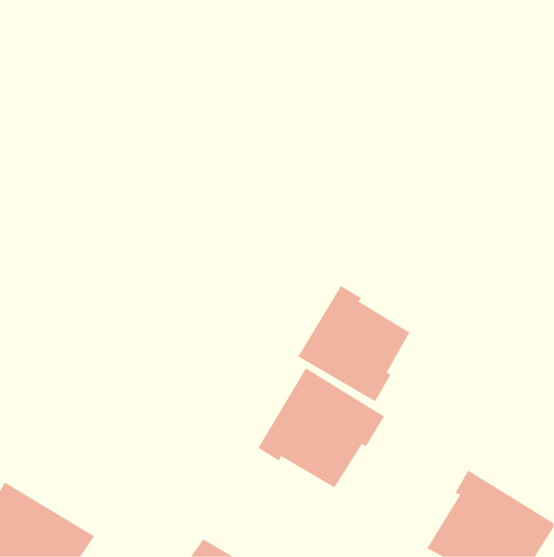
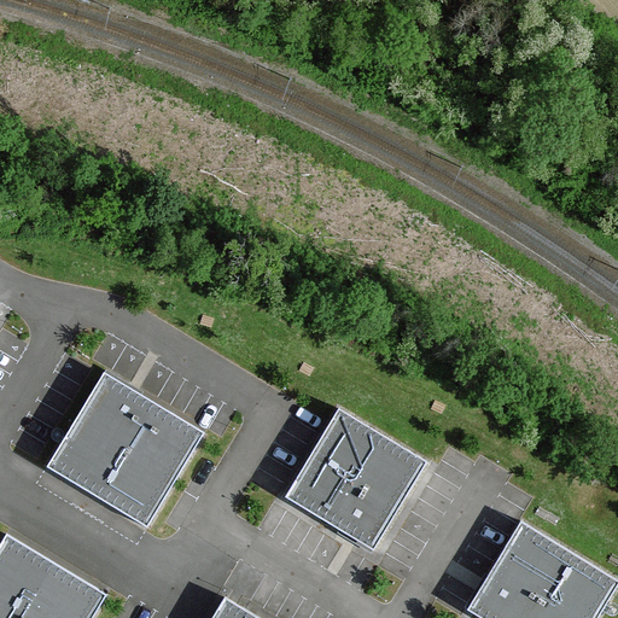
building: [298,285,410,402] -> none
building: none -> [45,380,203,526]

